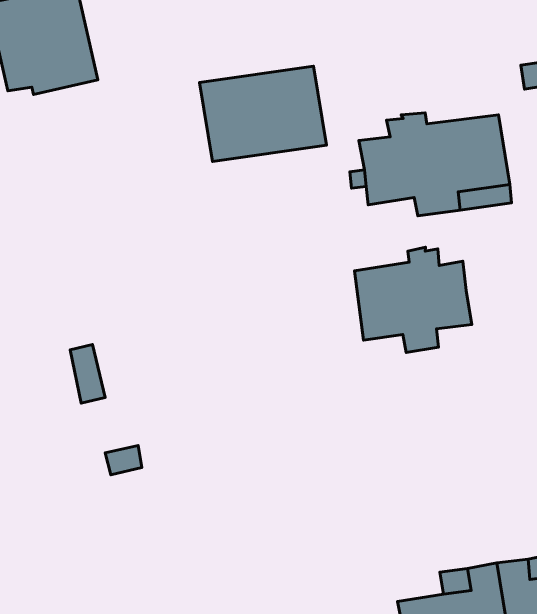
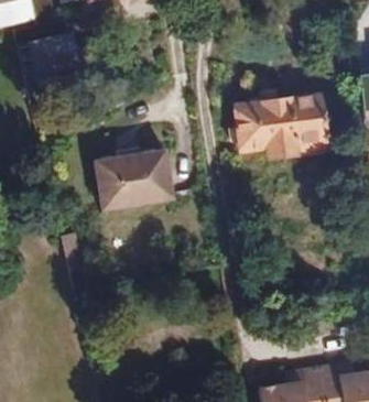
building: [199,66,326,162] -> [95,152,171,209]
building: [354,247,472,352] -> none

